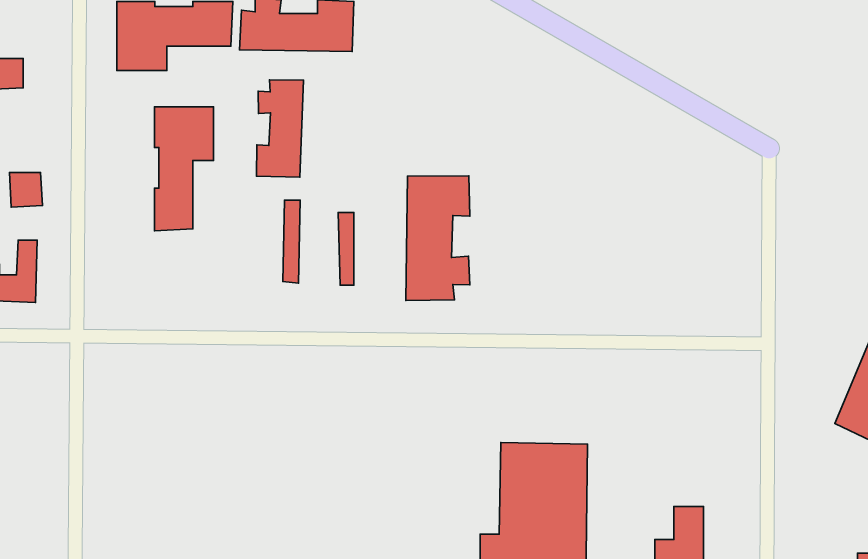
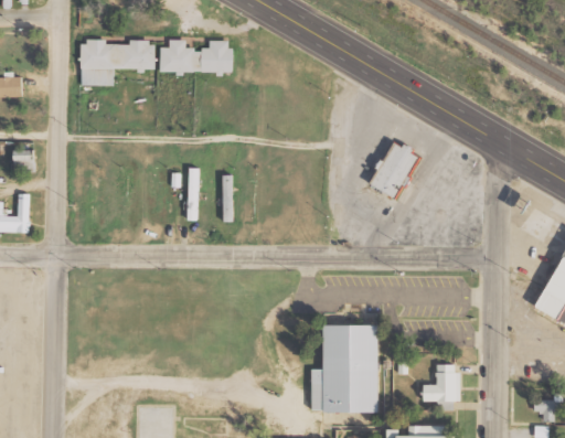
building: [257,80,304,177] -> none
building: [155,107,214,231] -> none
building: none -> [372,140,418,196]
building: [406,176,470,300] -> none

